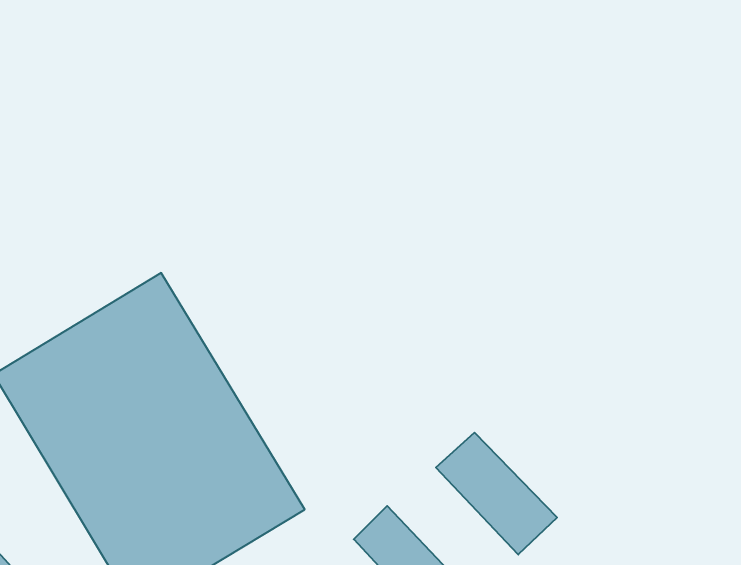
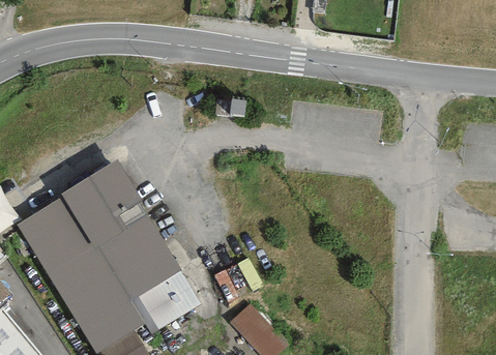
building: [436,433,557,555] -> none

